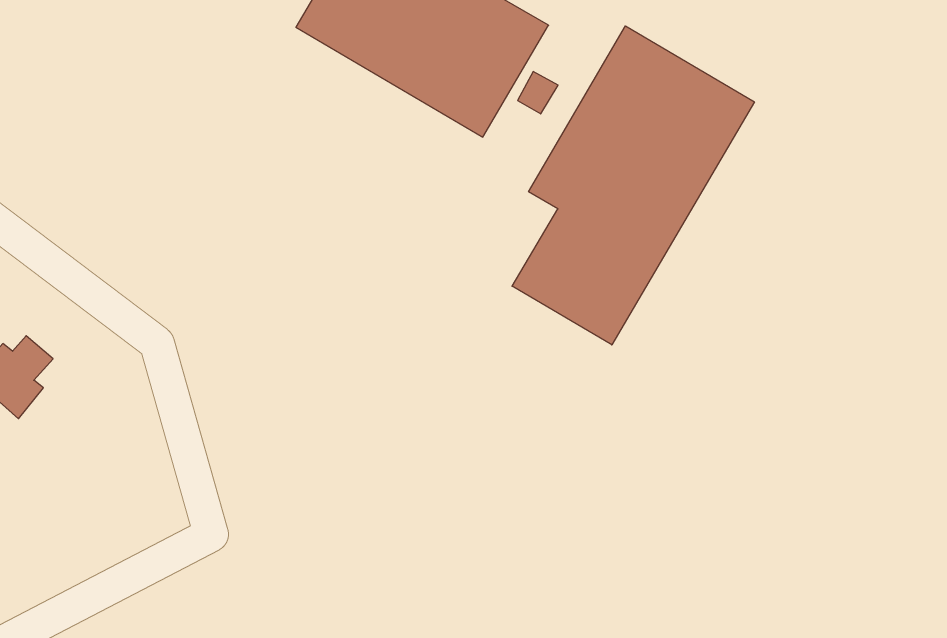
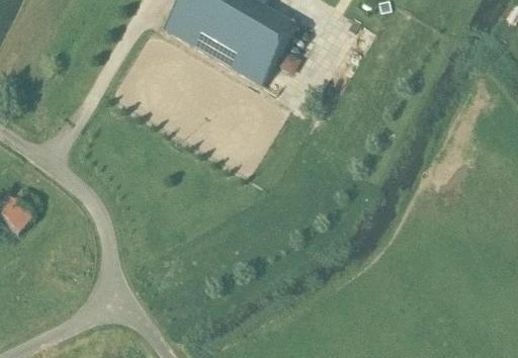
building: [512,26,754,345] -> none

